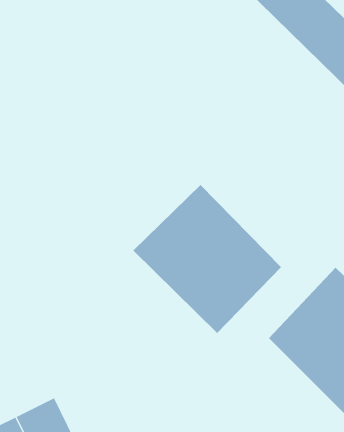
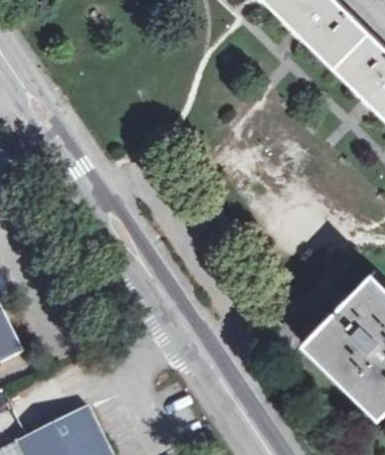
building: [133,184,282,334] -> none

